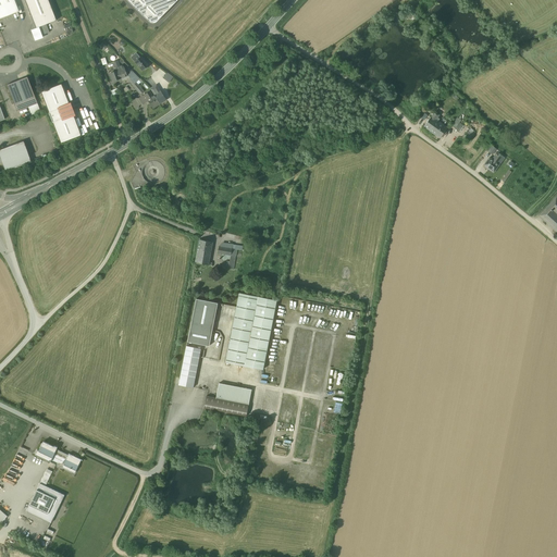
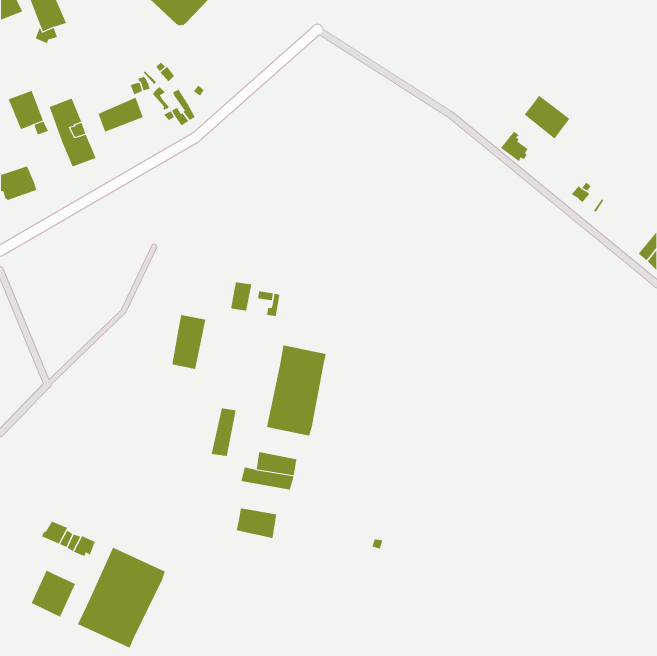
building: none -> [524,95,570,140]
building: none -> [98,97,143,133]
building: [188,298,218,345] -> [171,314,206,370]
building: none -> [236,507,277,539]
building: none -> [77,547,166,649]

